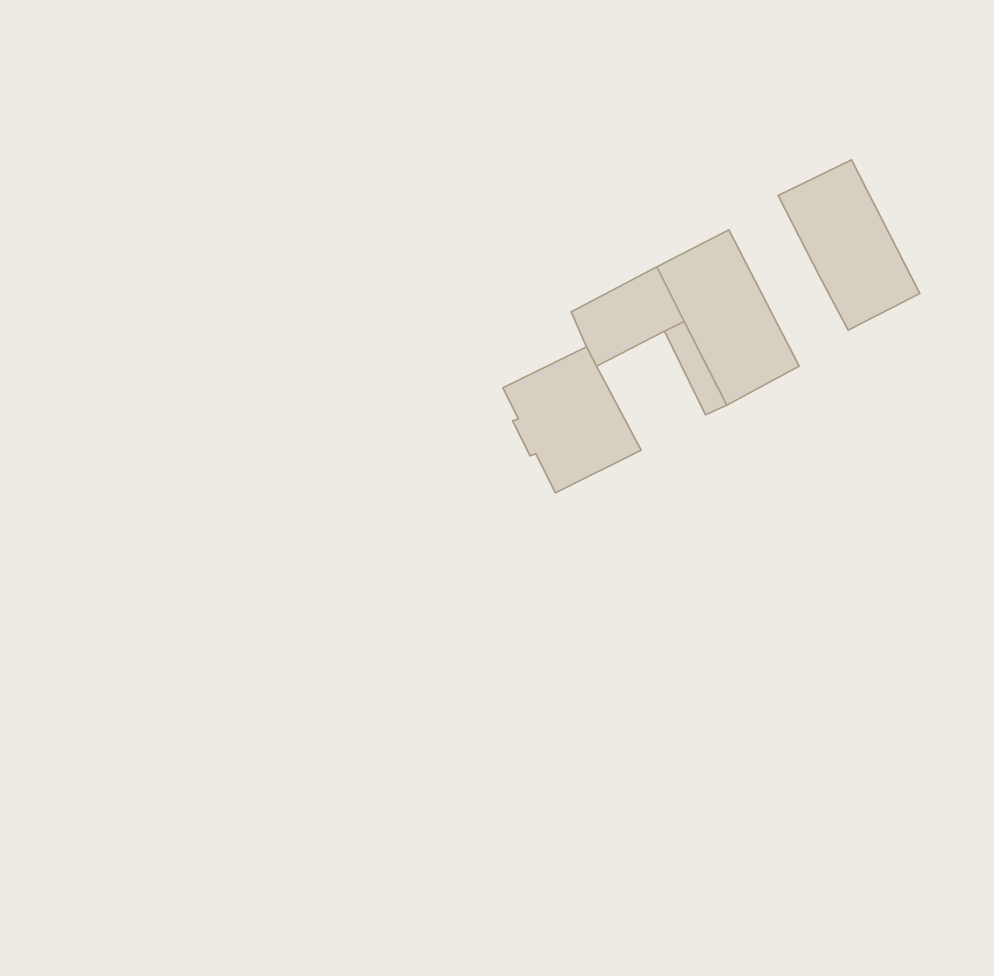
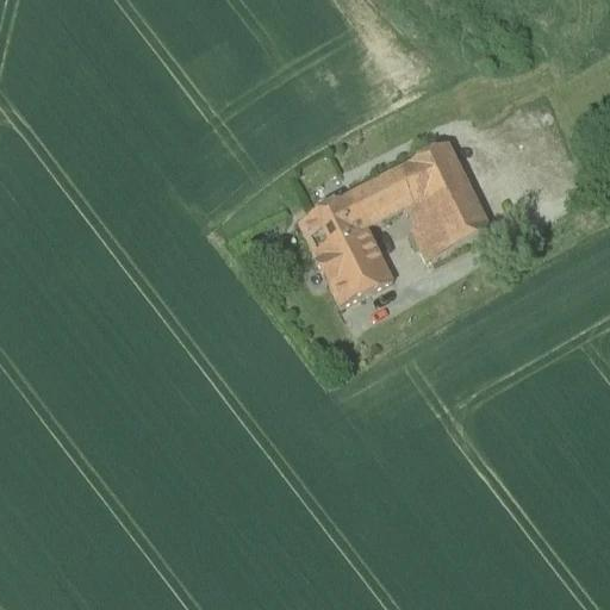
building: [778,160,920,330] -> none
building: none -> [298,191,360,237]

